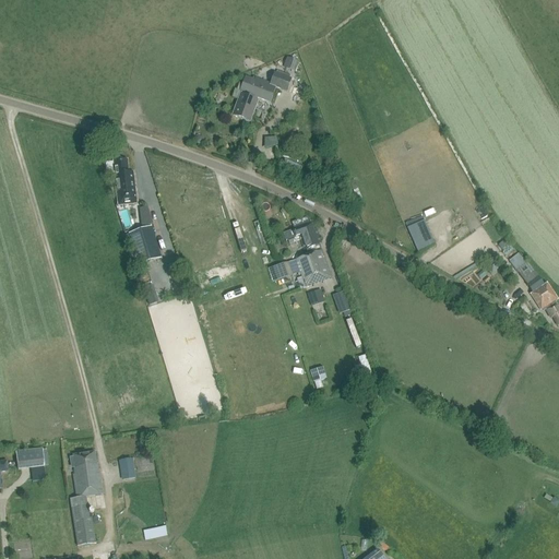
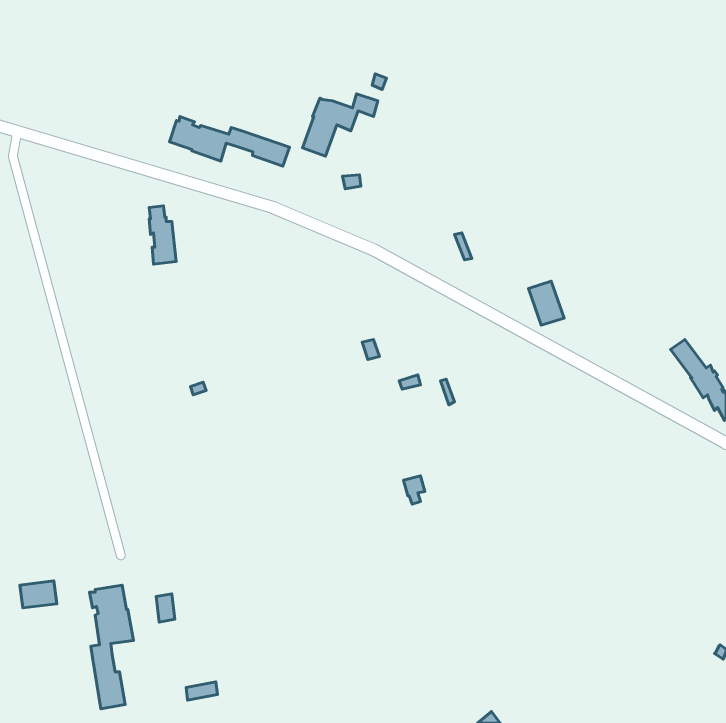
building: none -> [169,117,290,166]
building: [287,221,332,286] -> none
building: [128,225,158,262] -> none

